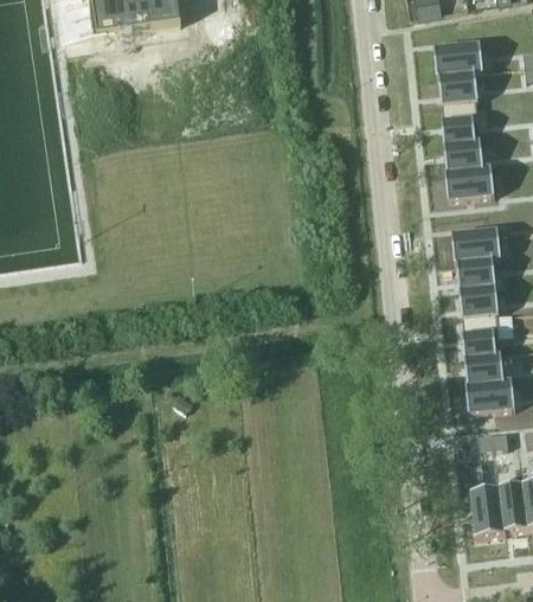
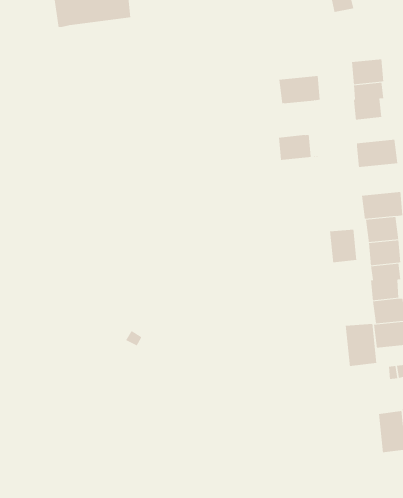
building: [434,40,483,73] -> [278,76,321,104]
building: [444,139,492,169] -> [278,135,318,161]
building: none -> [330,229,357,263]
building: none -> [345,323,377,367]

